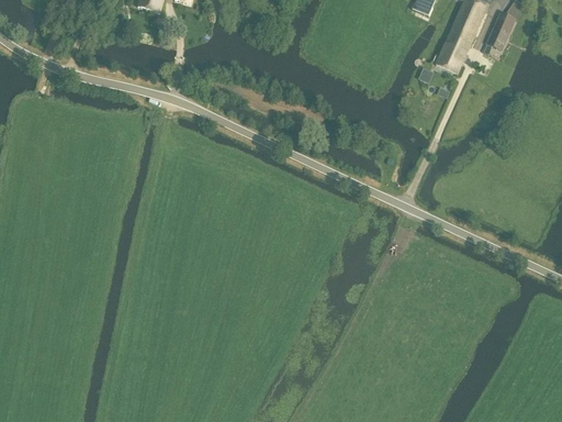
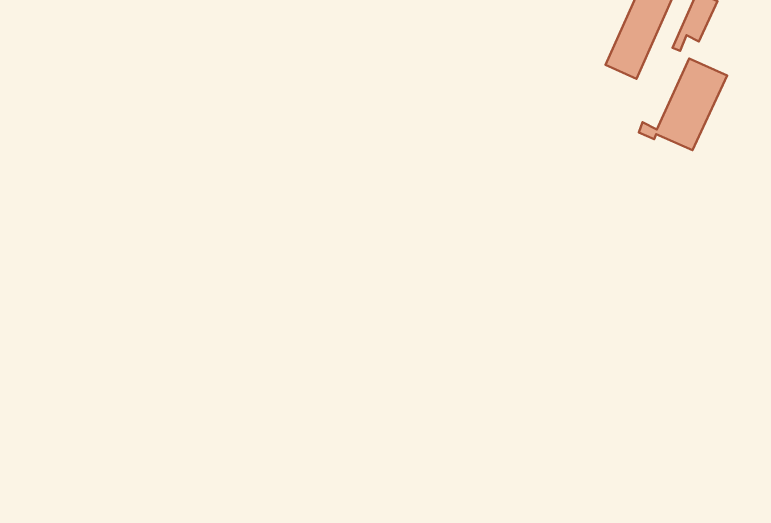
building: none -> [639,58,727,150]

